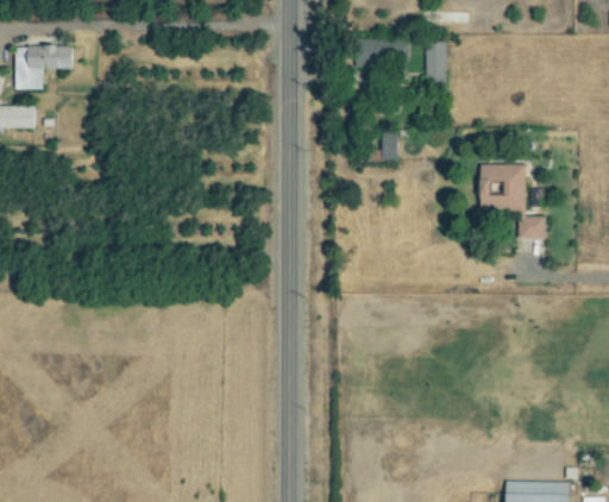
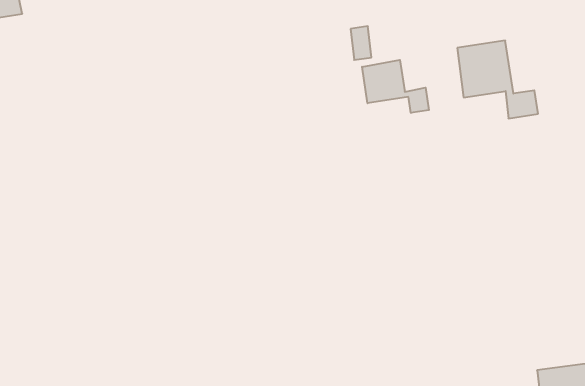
building: none -> [362,60,429,113]

